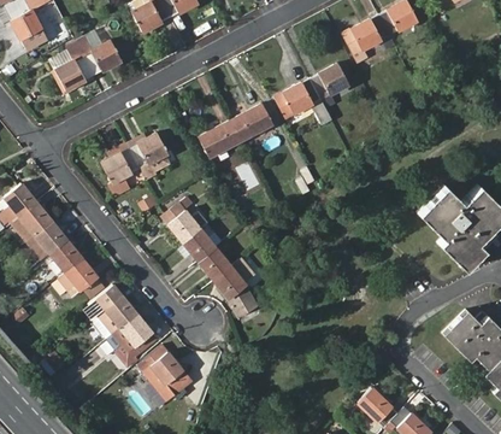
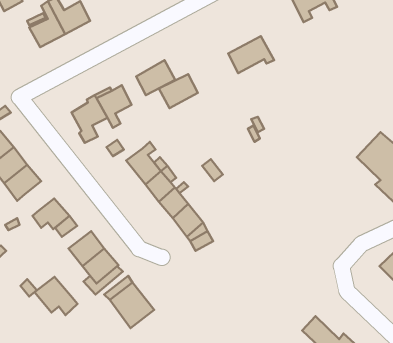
building: [311,63,349,108] -> none
building: [230,102,273,141] -> [136,60,175,95]
building: [49,239,82,271] -> none
building: none -> [34,277,77,315]

